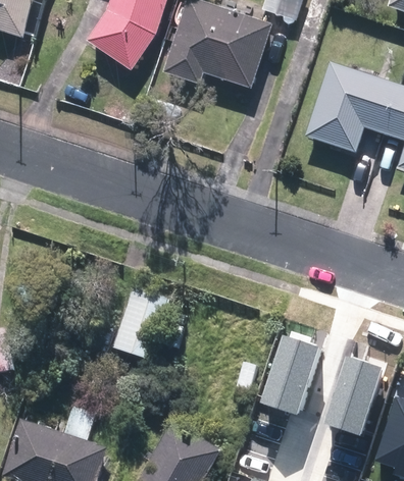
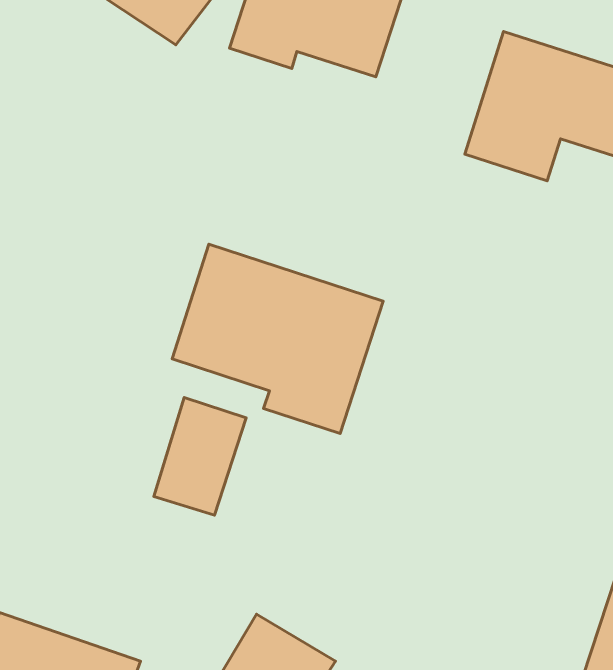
building: none -> [172,244,383,433]
building: [260,333,319,413] -> none
building: [326,353,385,432] -> none

